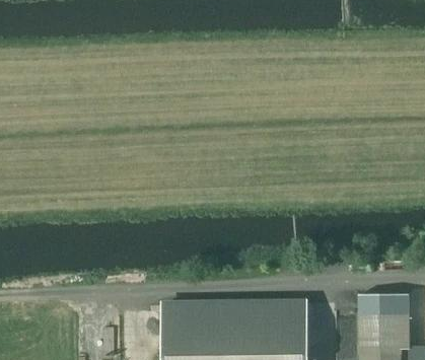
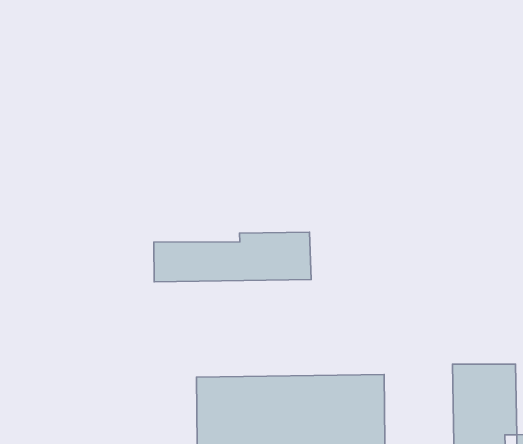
building: none -> [154,232,311,282]

